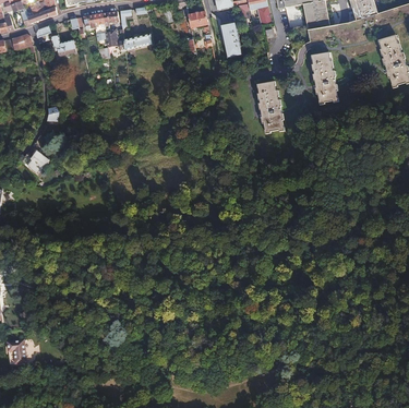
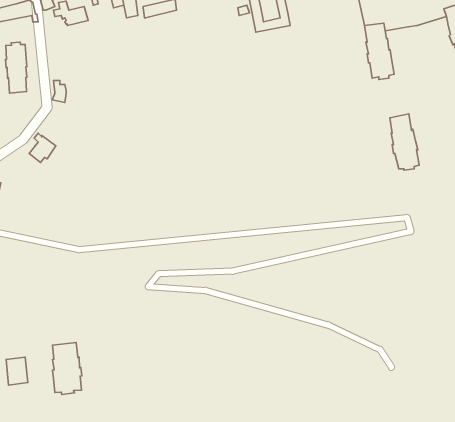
building: none -> [6,42,27,93]
building: [257,82,282,130] -> [390,114,419,170]
building: none -> [52,342,82,394]

